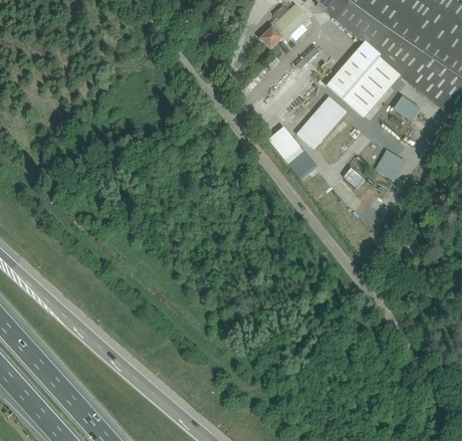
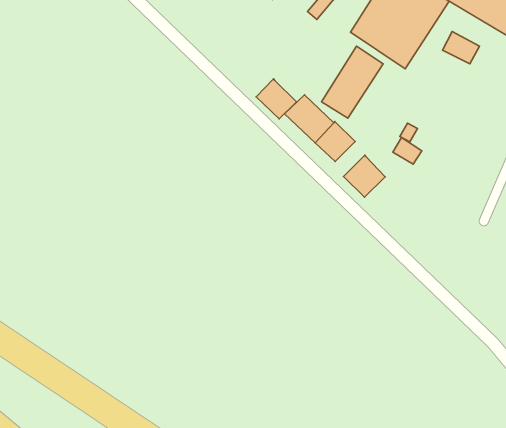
building: none -> [256,79,296,119]
building: [374,148,406,179] -> none
building: none -> [344,155,385,197]

